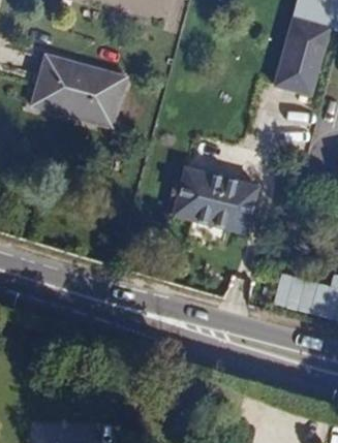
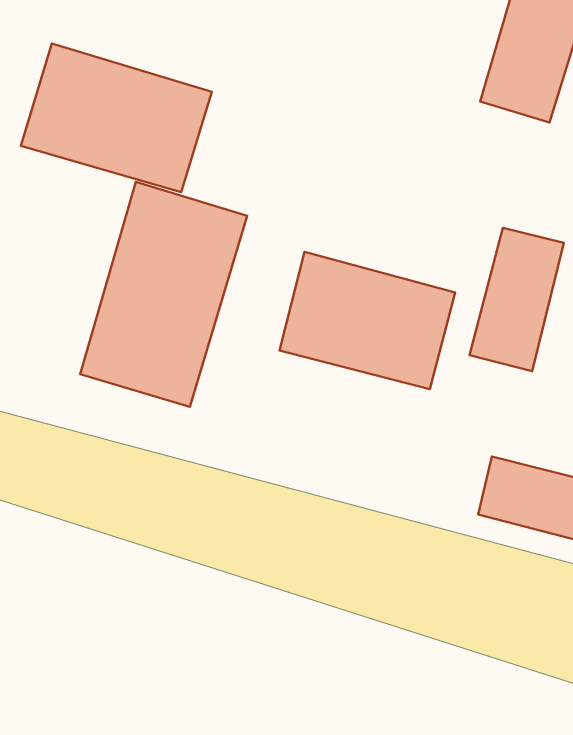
building: none -> [80,182,247,407]
building: none -> [470,228,564,371]

